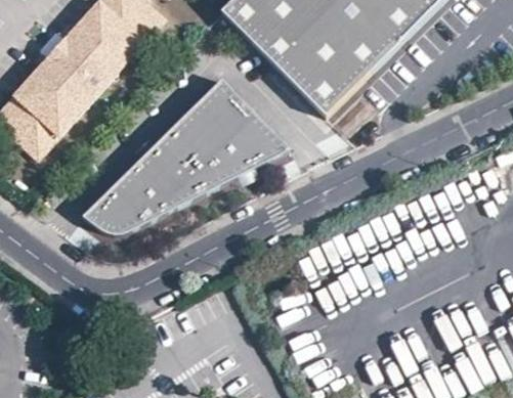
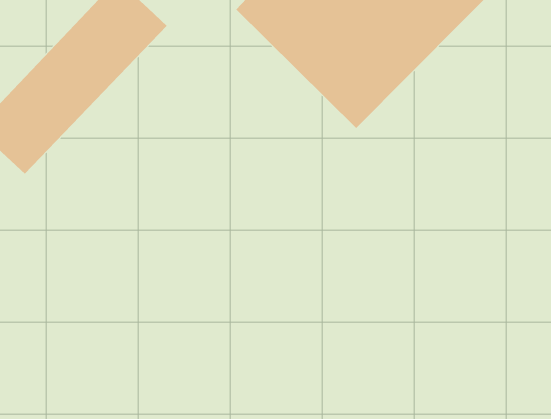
building: [82,79,291,236] -> none

